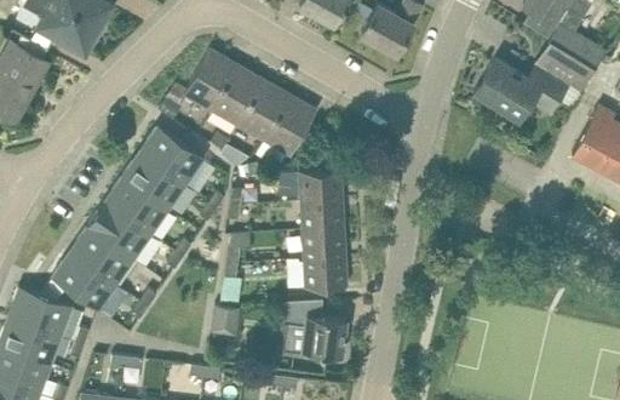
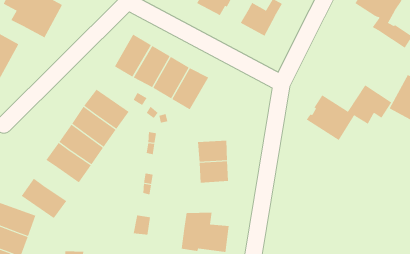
building: [472,45,595,125] -> [306,84,392,141]
building: [299,156,343,202] -> none
building: [69,228,133,286] -> none
building: [304,258,346,290] -> none

